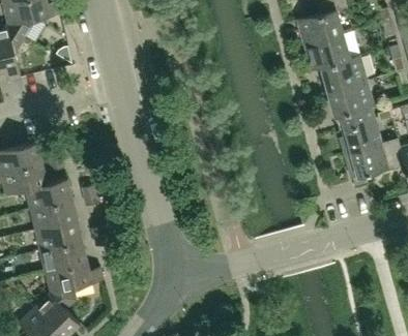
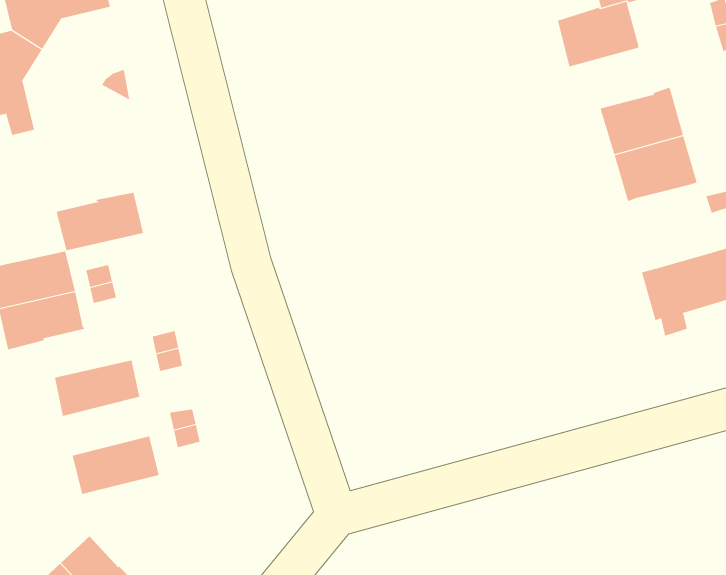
building: [304,32,358,70] -> none
building: [341,108,380,152] -> none
building: [26,179,72,210] -> [56,192,144,251]
building: [35,220,82,251] -> none
building: [46,262,103,310] -> none

